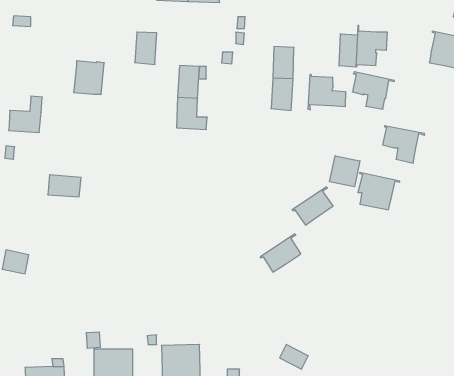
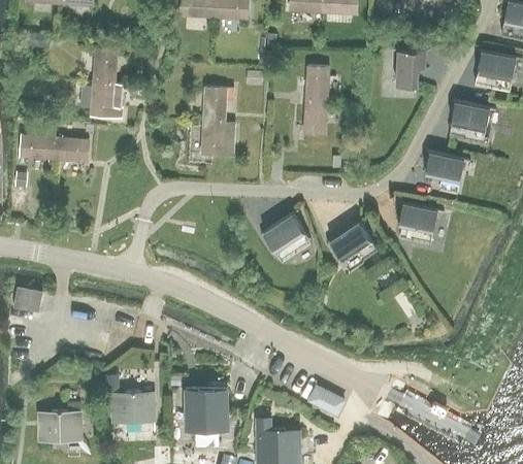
building: [135,32,157,65] -> [94,48,118,84]
building: [339,34,357,67] -> none
building: [352,72,394,109] -> [451,100,496,140]
building: [308,74,345,110] -> none
building: [330,156,360,187] -> none
building: [48,175,81,197] -> [54,137,90,161]
building: [260,234,301,272] -> [261,209,304,251]

